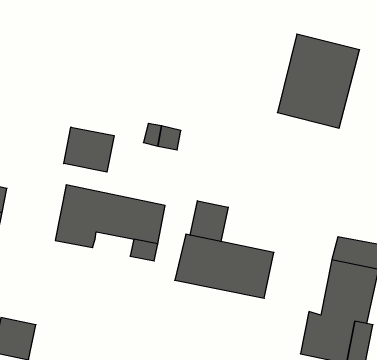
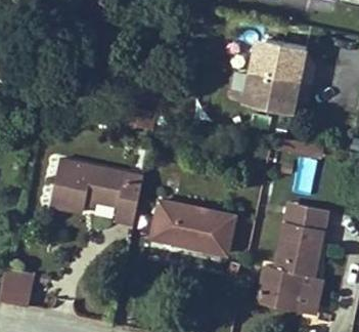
building: [64,127,114,172] -> none
building: [190,201,228,242] -> none

